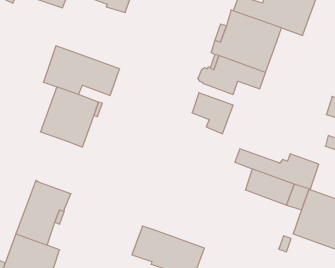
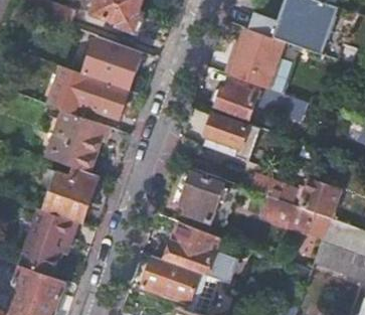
building: none -> [84,37,140,91]
building: none -> [41,167,98,223]
building: none -> [180,169,223,223]
building: none -> [165,223,233,282]

